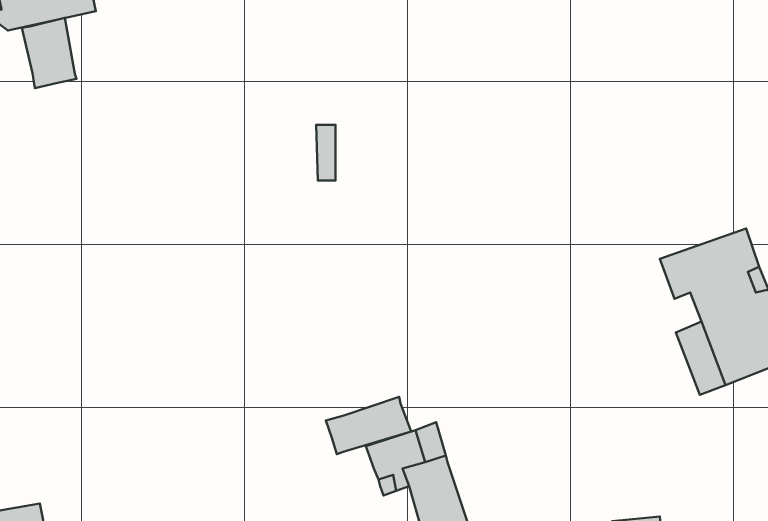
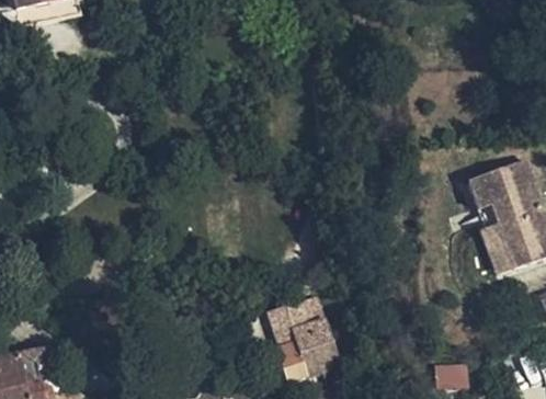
building: [22,18,76,88] -> none
building: [326,397,411,454] -> none

